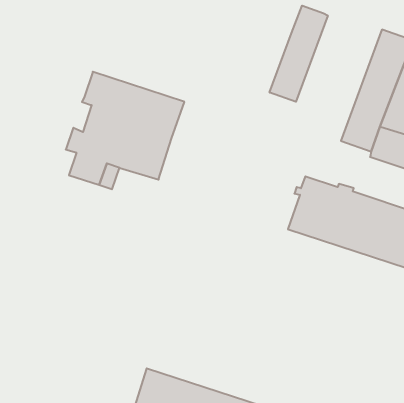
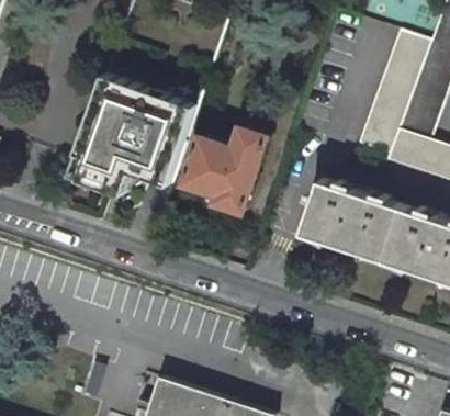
building: [270,6,328,102] -> none
building: none -> [183,128,269,214]

